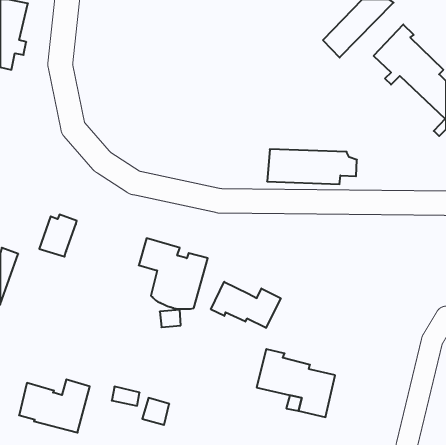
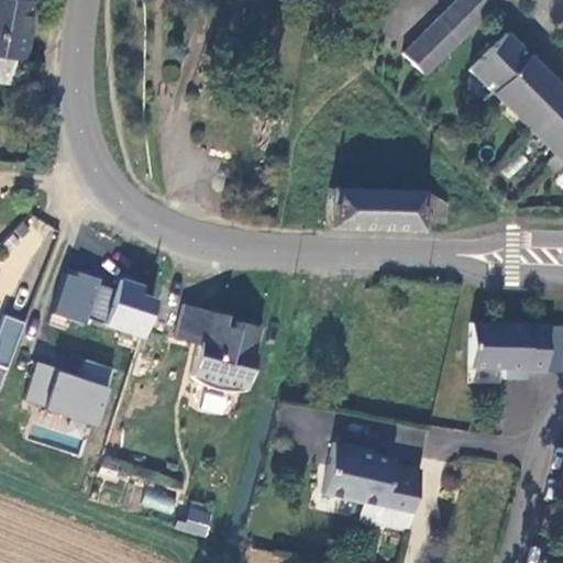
building: none -> [84,277,155,336]
building: none -> [470,321,549,378]
building: [211,282,281,328] -> none
building: [19,379,90,433] -> [24,357,113,424]

